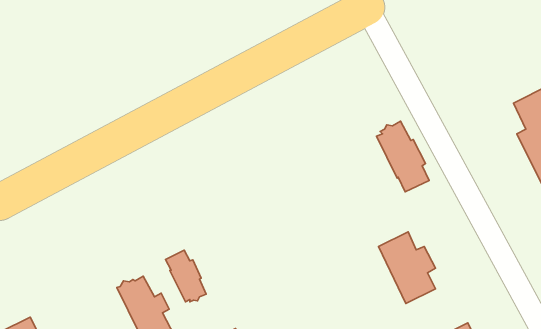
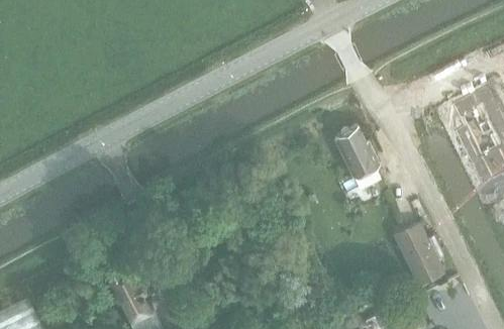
building: [379,232,436,304] -> [393,221,443,285]
building: [166,250,206,302] -> none

